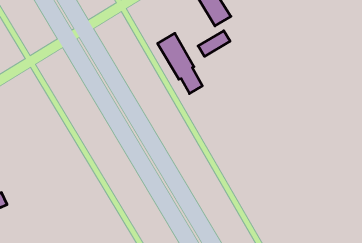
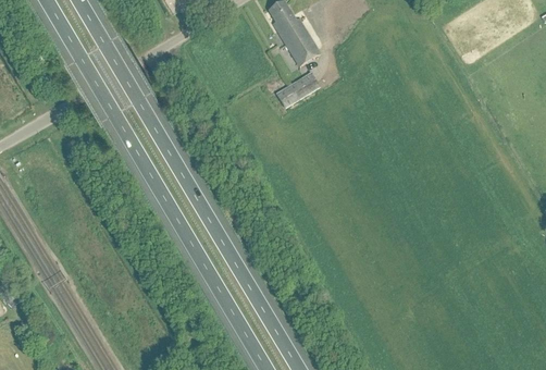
building: [158,33,202,94] -> none

